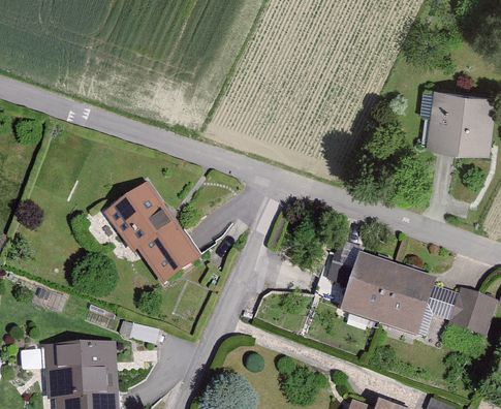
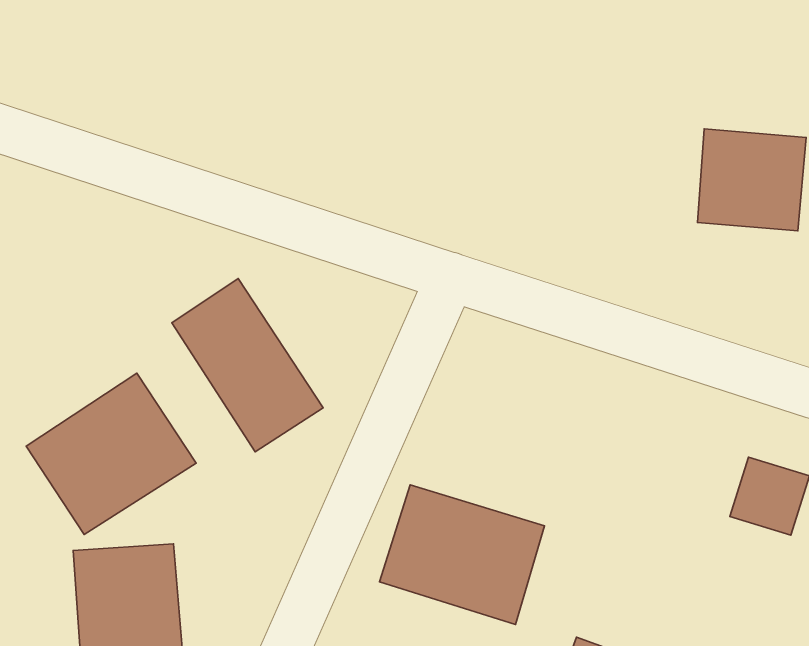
building: none -> [26,373,196,535]
building: [341,252,441,337] -> [380,485,545,624]

